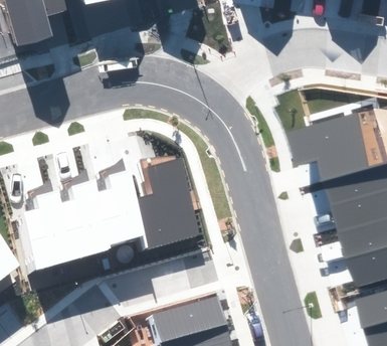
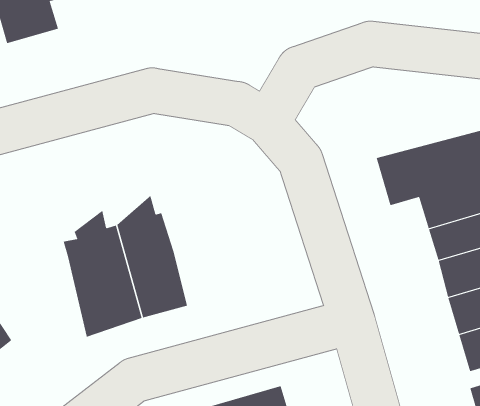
building: [139,160,198,245] -> none
building: [16,179,74,273] -> none

